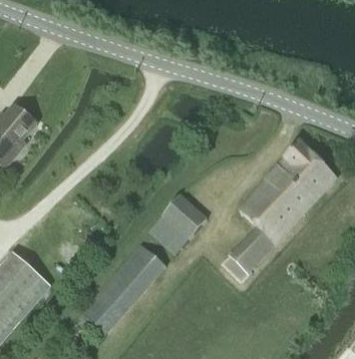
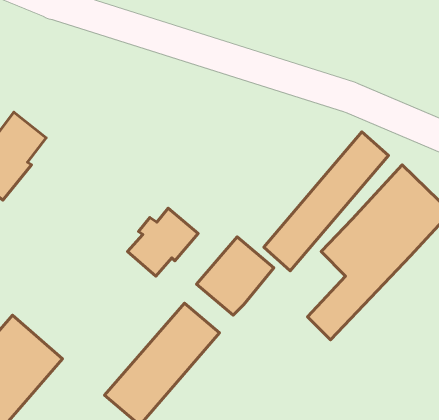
building: none -> [264,132,388,271]
building: none -> [127,208,198,276]

